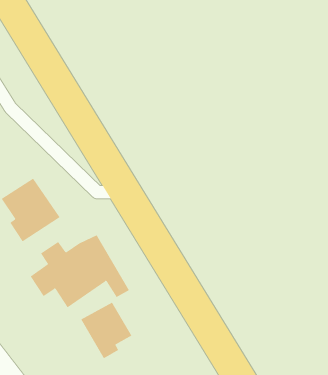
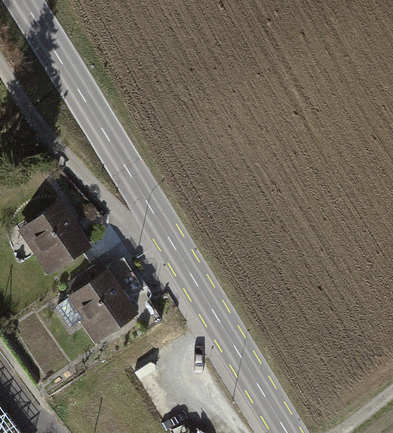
building: [80,302,132,359] -> none

